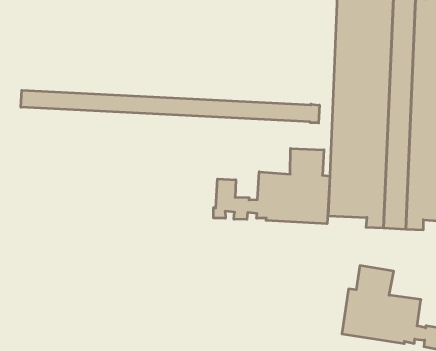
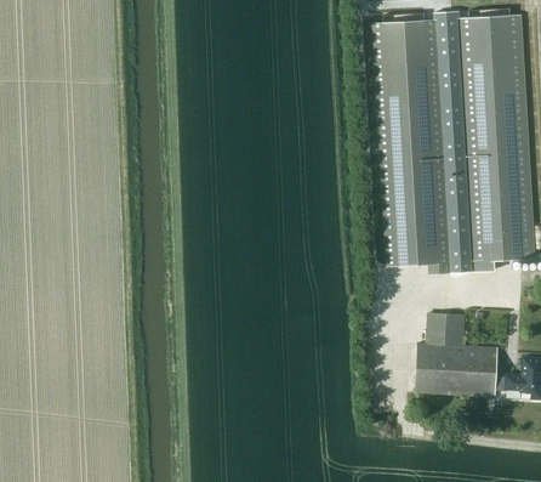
building: [21,90,319,123] -> none
building: [214,148,330,224] -> none

